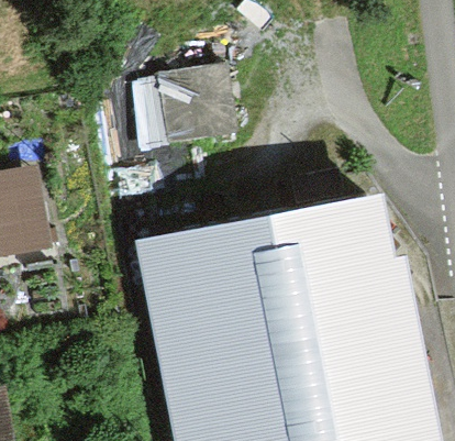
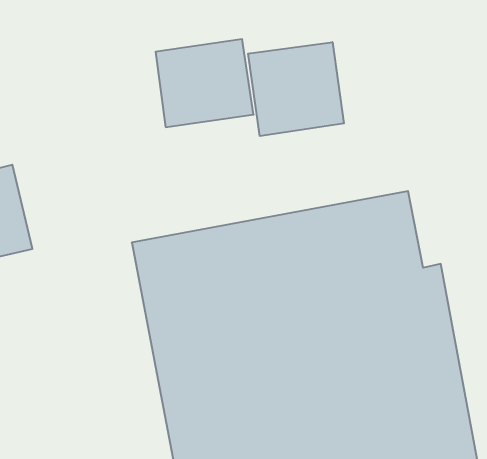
building: none -> [248,42,344,136]

